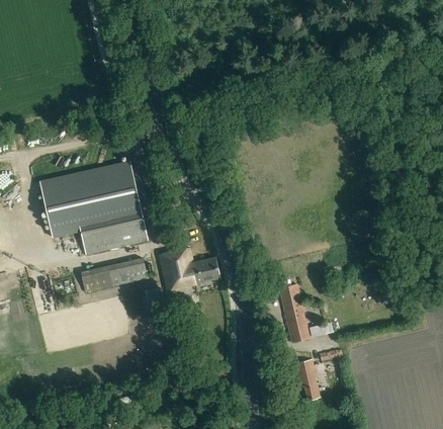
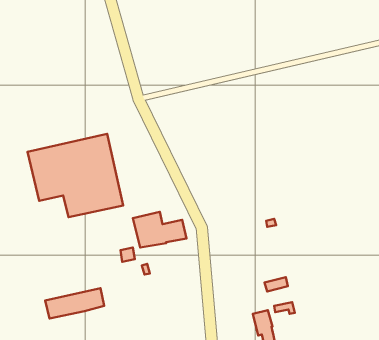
building: [80,258,147,292] -> [45,288,104,318]
building: [277,285,308,343] -> none

